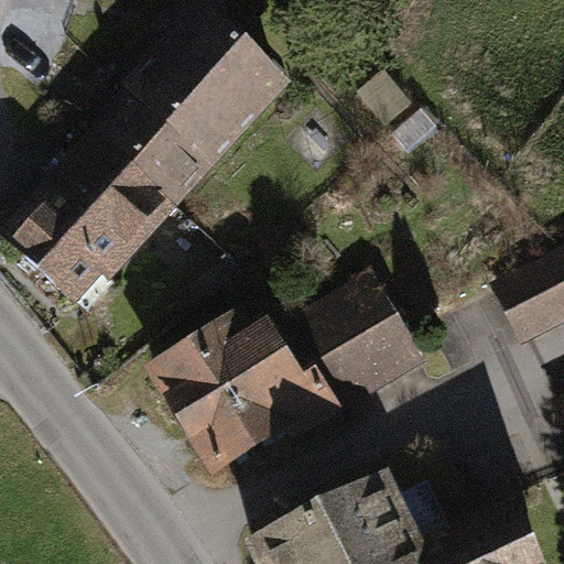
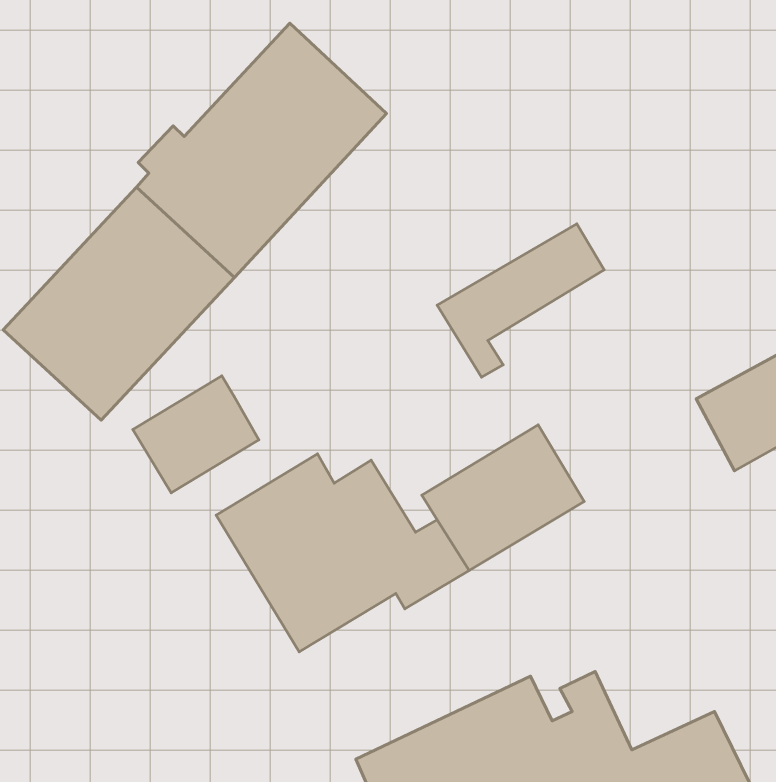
building: none -> [133,376,259,493]
building: [272,273,392,383] -> [437,224,604,377]

